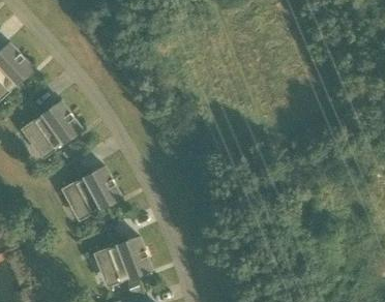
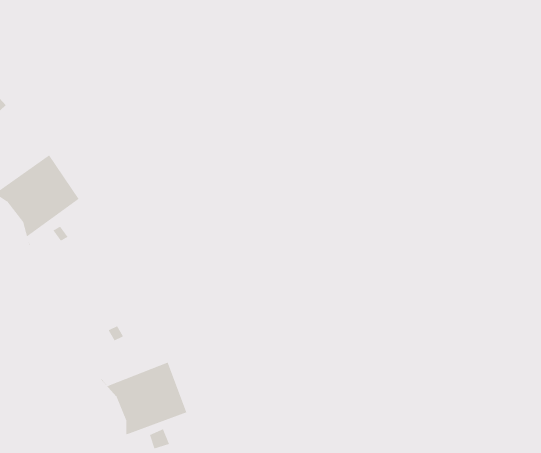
building: [58,168,118,225] -> none

